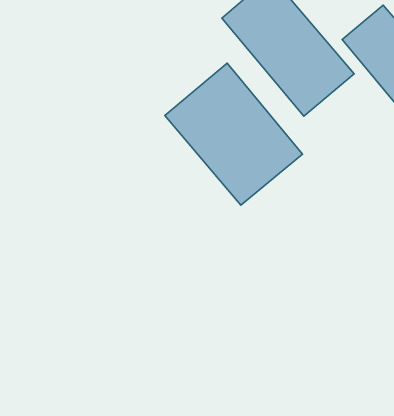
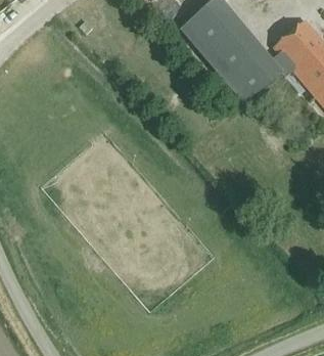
building: [165,63,303,205] -> none

